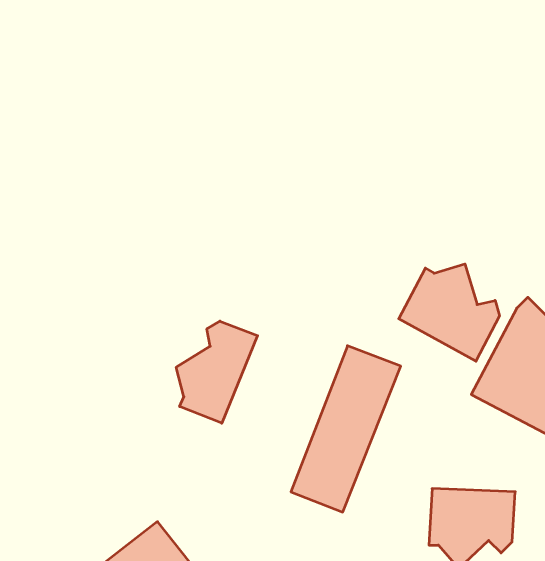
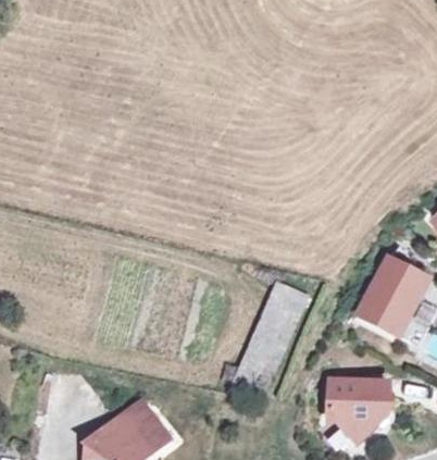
building: [399,264,499,361] -> none
building: [176,321,258,423] -> none

